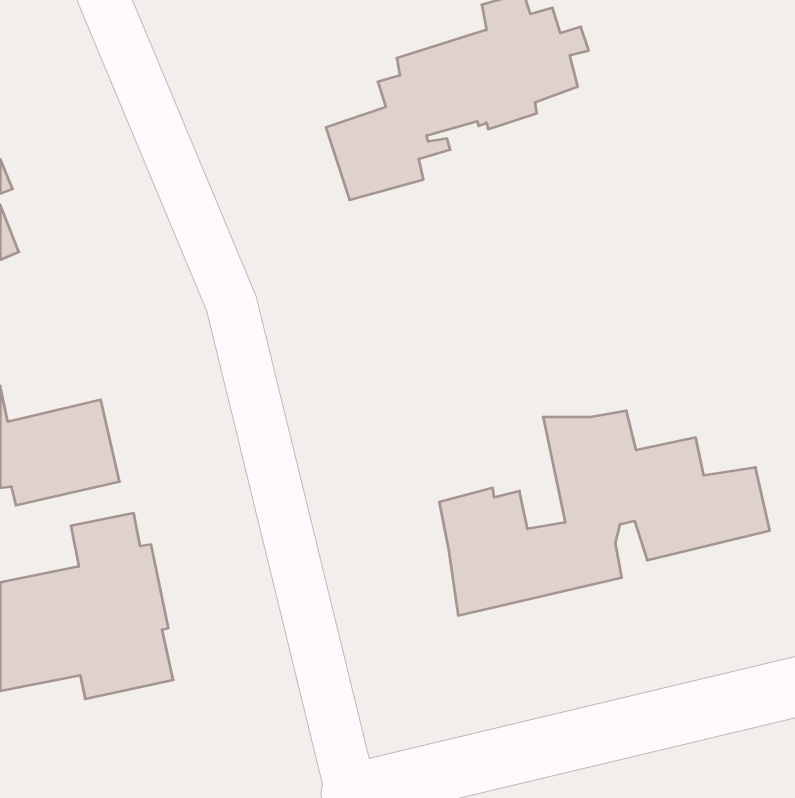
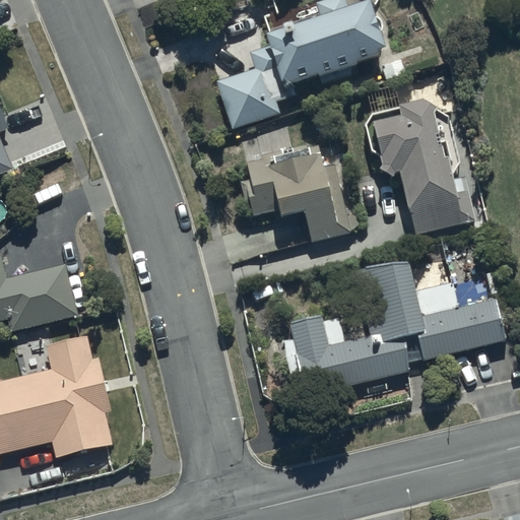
building: none -> [368,105,460,237]
building: none -> [246,141,365,242]

